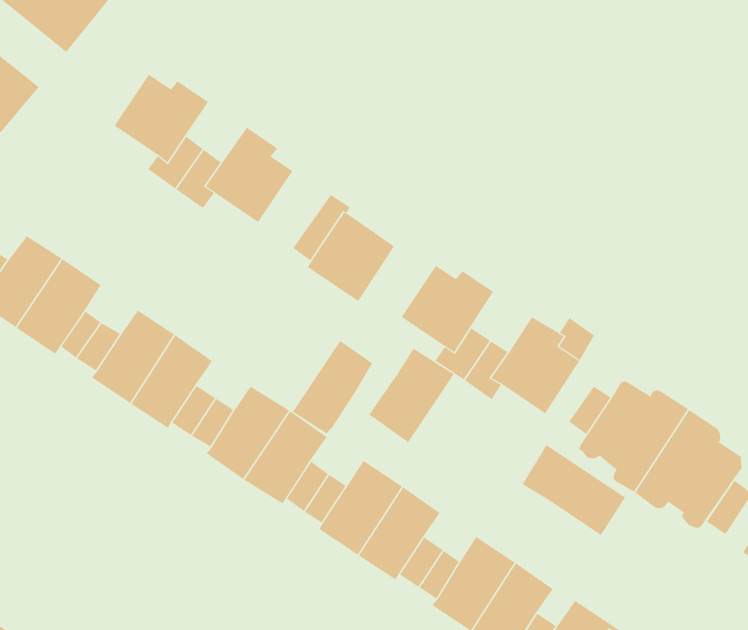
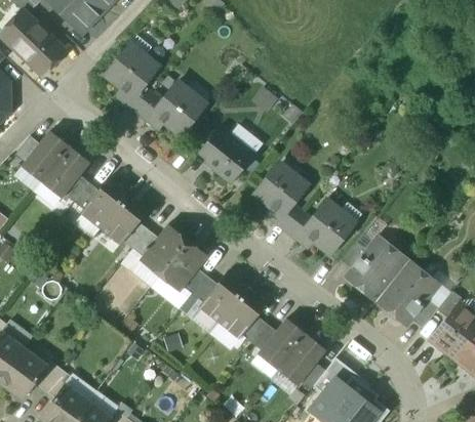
building: [292,340,373,434] -> none
building: [369,348,454,443] -> none
building: [522,444,626,536] -> none

